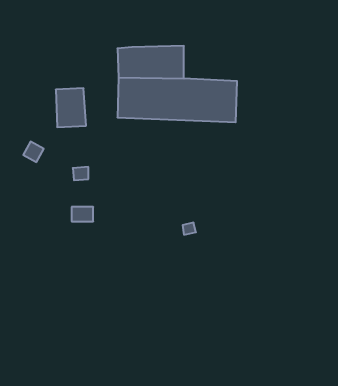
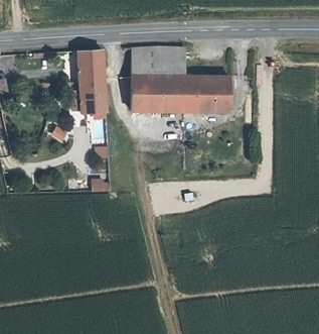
building: none -> [78,52,104,85]

